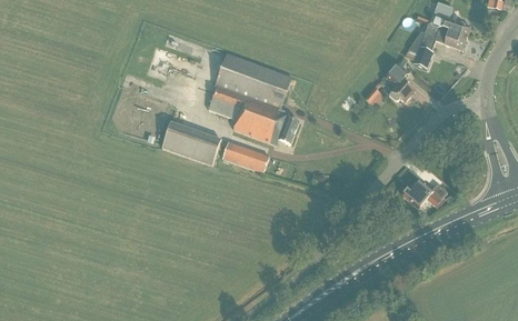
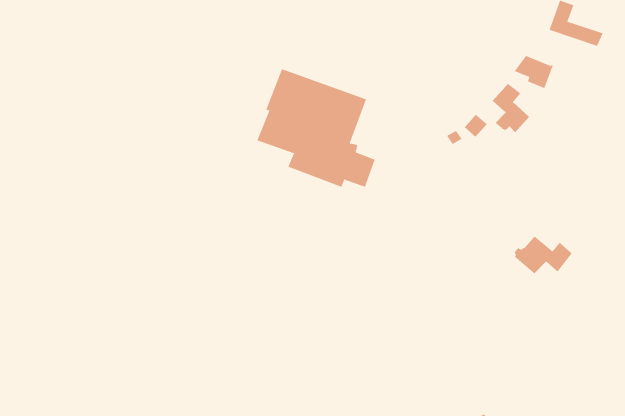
building: [411,22,466,51] -> none
building: [161,121,221,165] -> none
building: [222,142,269,172] -> none

